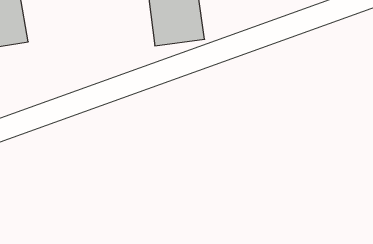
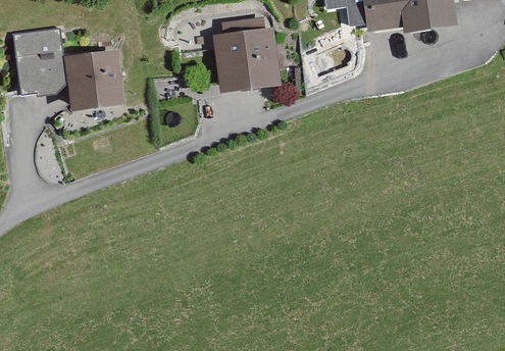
building: none -> [64,49,125,110]

